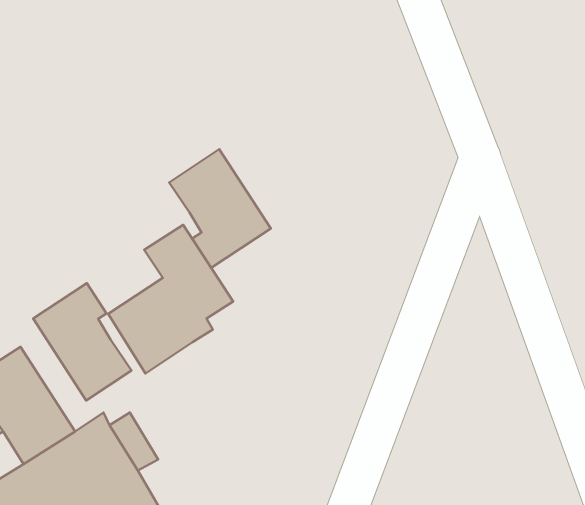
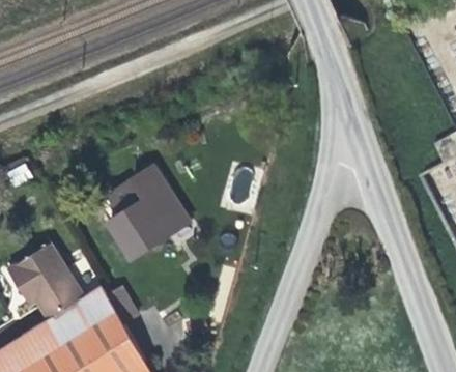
building: [169,149,271,268] -> none
building: [33,283,132,401] -> none

